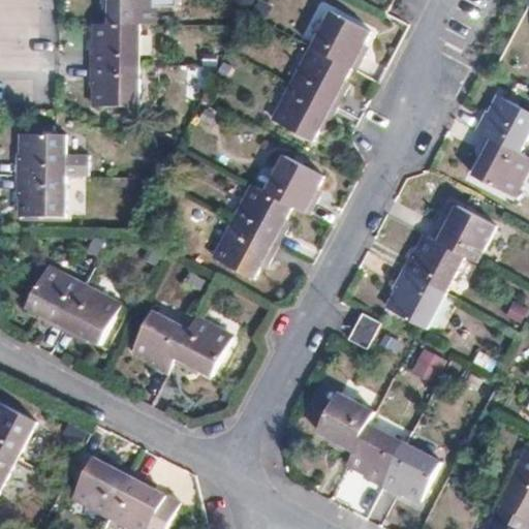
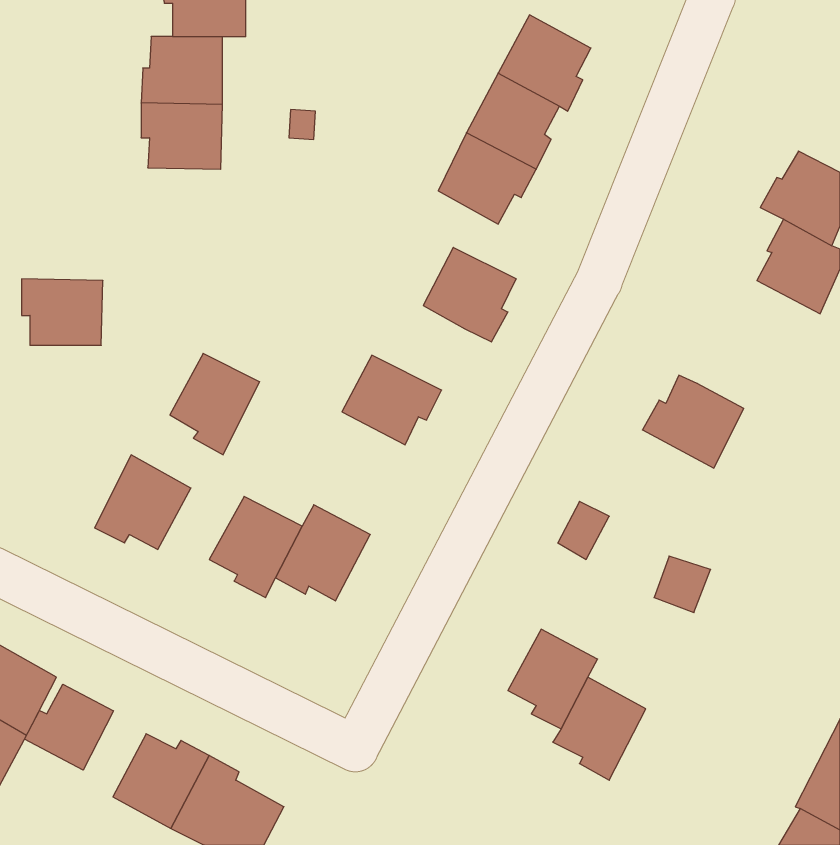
building: [13,133,64,175] -> none
building: [231,184,289,243] -> none
building: [434,206,494,260] -> none
building: [26,266,82,329] -> [170,353,260,455]
building: [384,268,444,328] -> none
building: none -> [25,684,113,770]
building: [379,441,439,500] -> none

